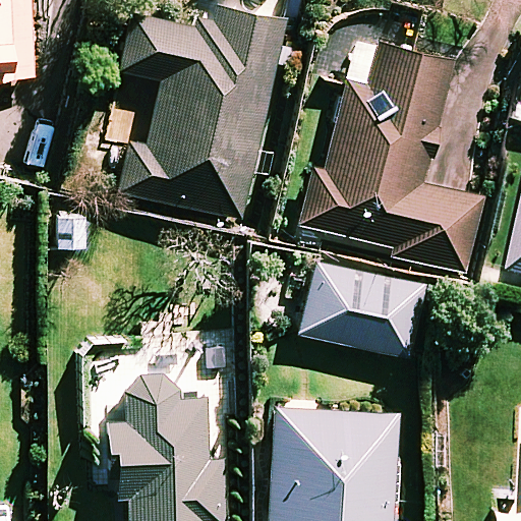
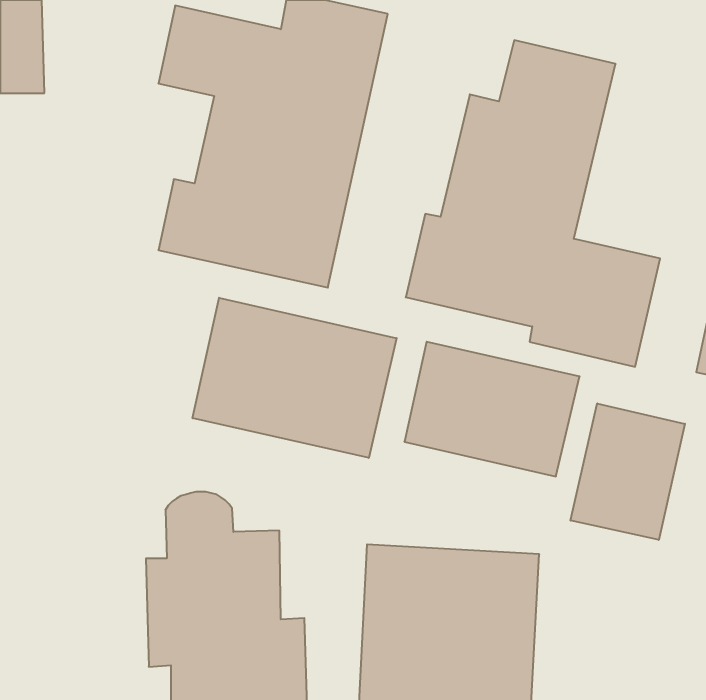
building: none -> [193,298,397,458]
building: none -> [571,403,685,540]

